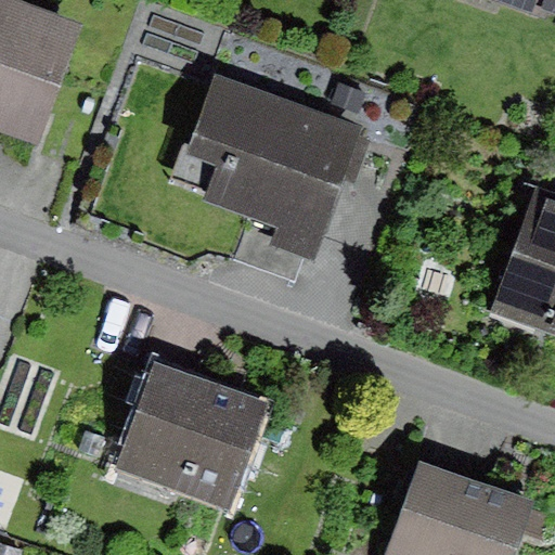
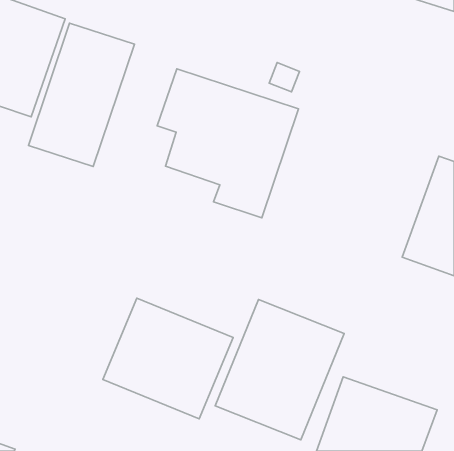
building: none -> [28,23,134,166]
building: none -> [215,299,344,440]

